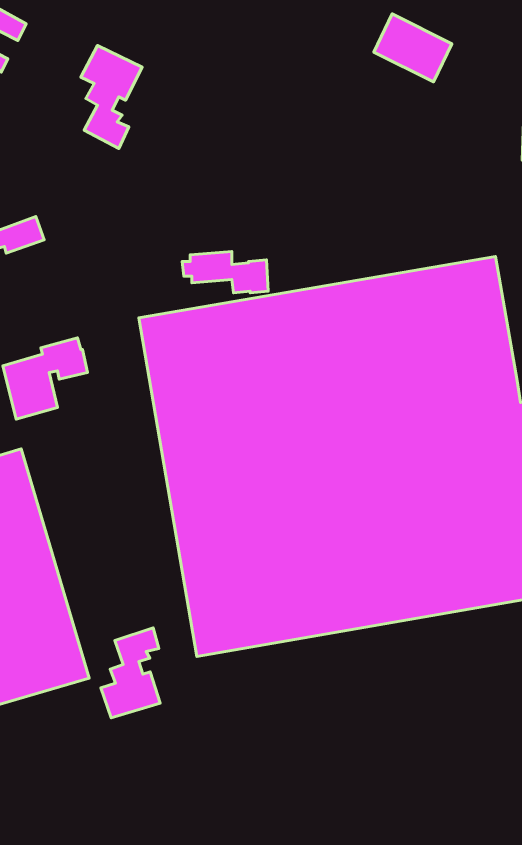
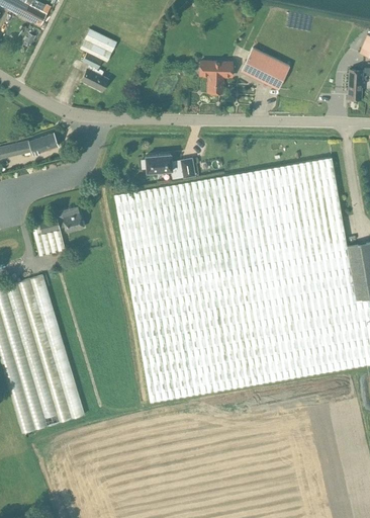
building: [374,14,452,82] -> [242,49,289,90]
building: none -> [199,62,233,93]
building: [101,628,160,718] -> none

